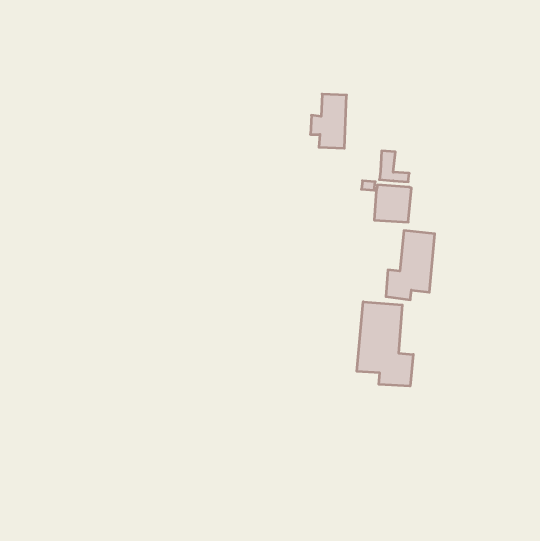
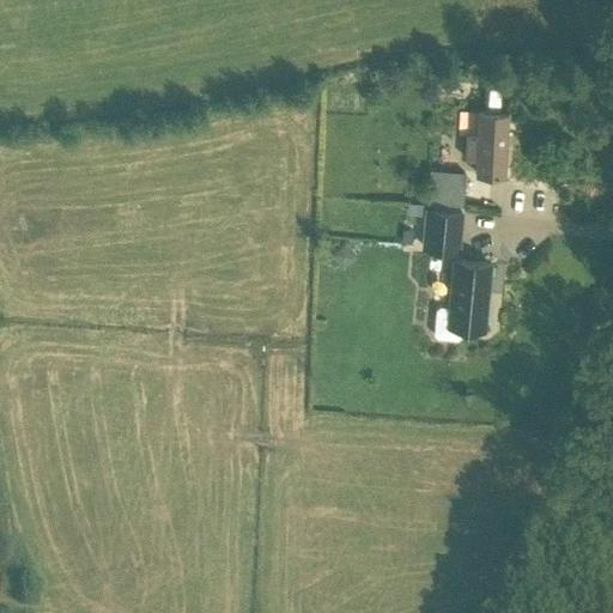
building: [310,94,347,148] -> [469,115,510,176]
building: [357,302,413,386] -> none

